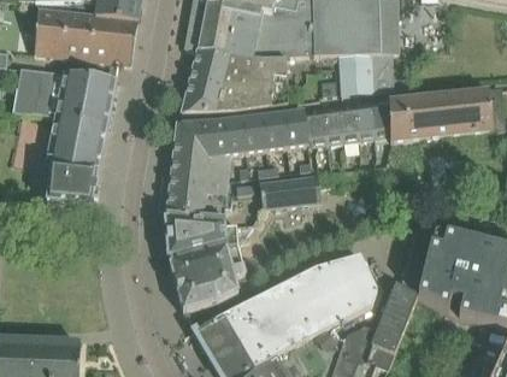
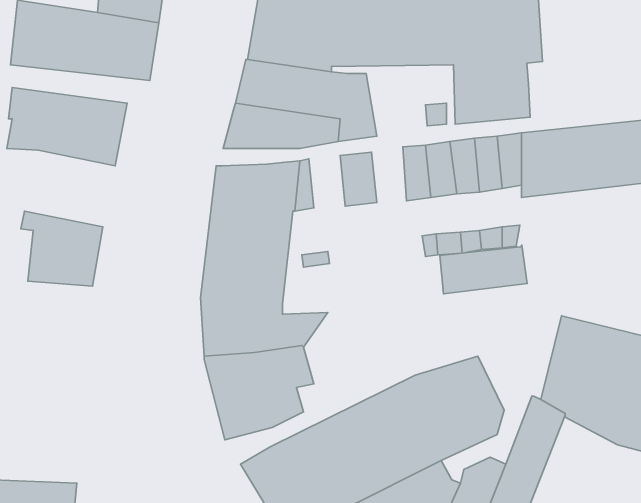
building: [284,108,308,147] -> none
building: [45,111,107,164] -> none
building: [241,114,266,151] -> none
building: [258,173,318,207] -> [440,245,527,294]

